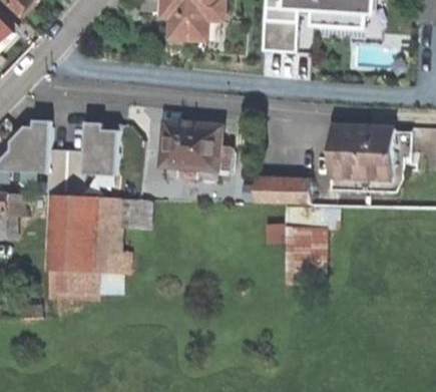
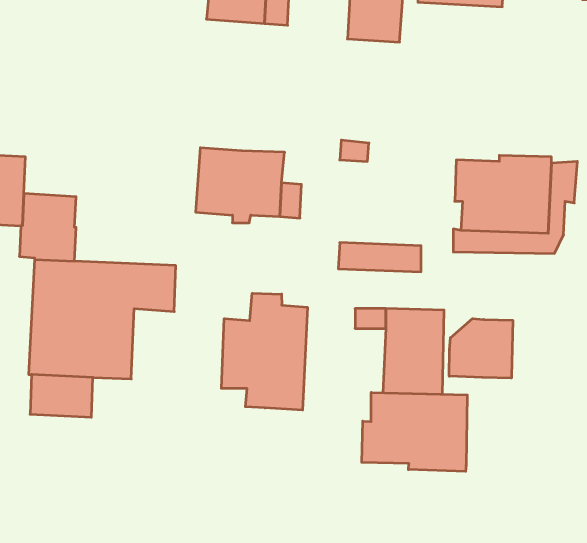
building: [82,127,118,174] -> none
building: none -> [221,293,307,410]
building: none -> [449,319,513,378]
building: none -> [362,392,467,471]

